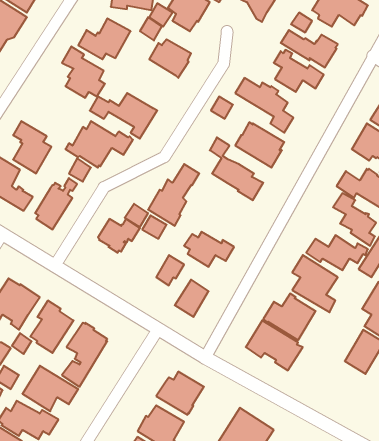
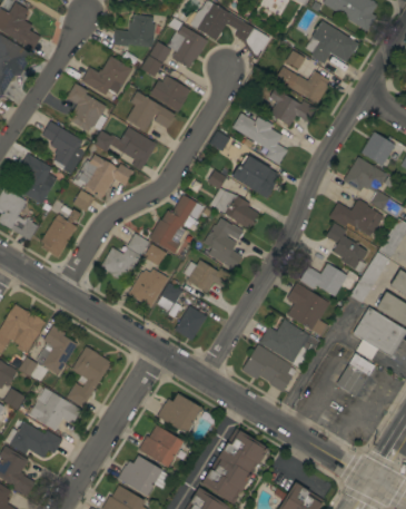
building: none -> [126,91,176,131]
building: none -> [42,121,86,175]
building: none -> [204,217,244,271]
building: none -> [129,268,169,307]

